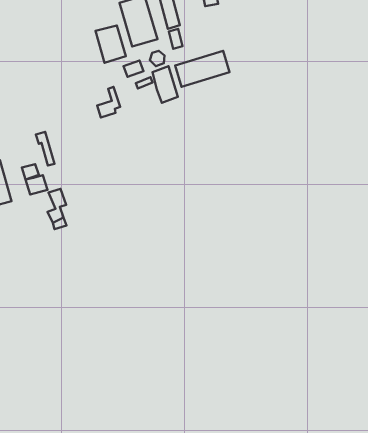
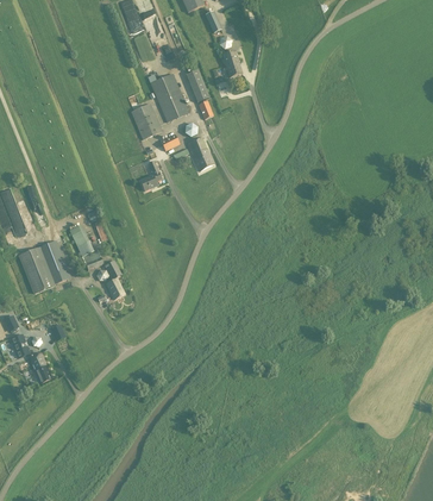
building: [175,51,230,87] -> none

